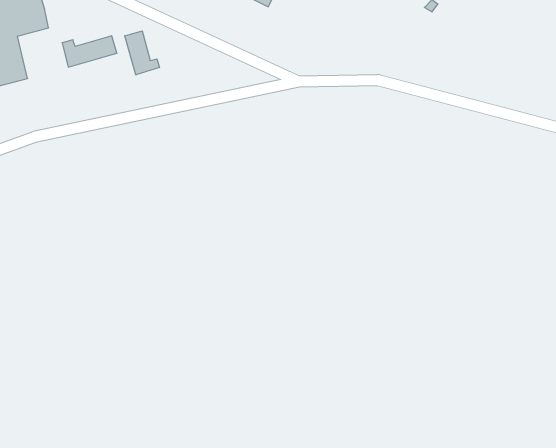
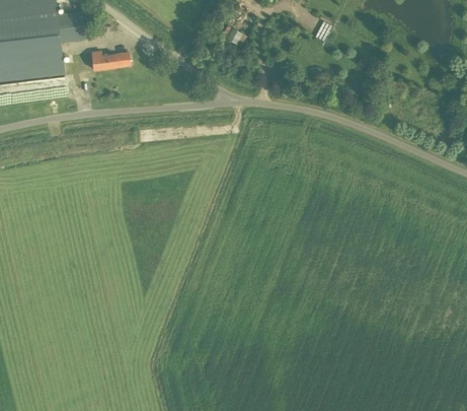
building: [125,31,159,75] -> none

